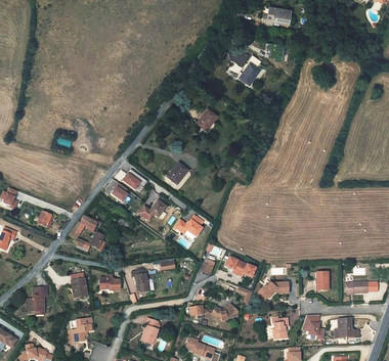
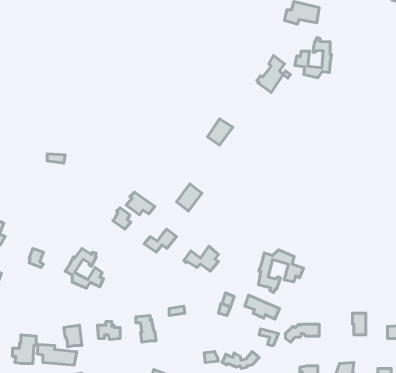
building: none -> [295,37,332,78]
building: none -> [259,250,304,293]
building: none -> [37,344,77,365]

